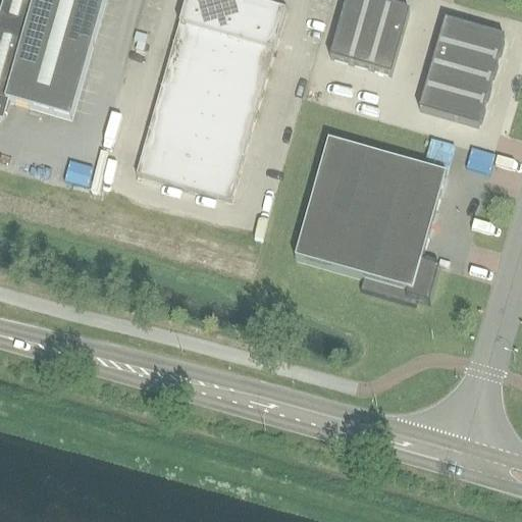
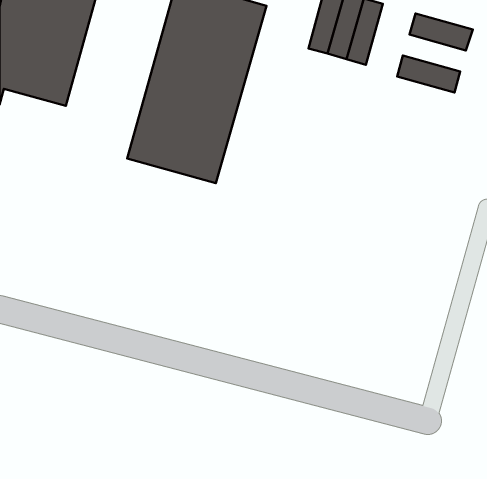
building: [430,37,498,76] -> none
building: [418,82,485,121] -> none
building: [294,136,446,301] -> none

